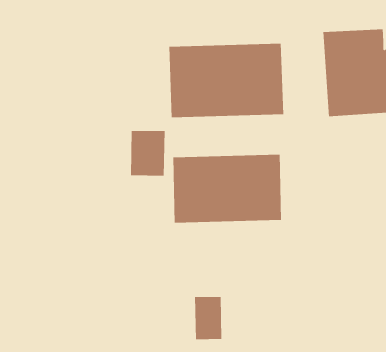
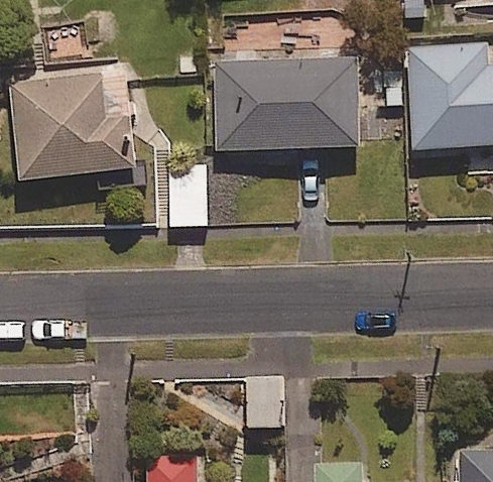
building: none -> [9,69,136,180]
building: [173,154,282,224] -> none

